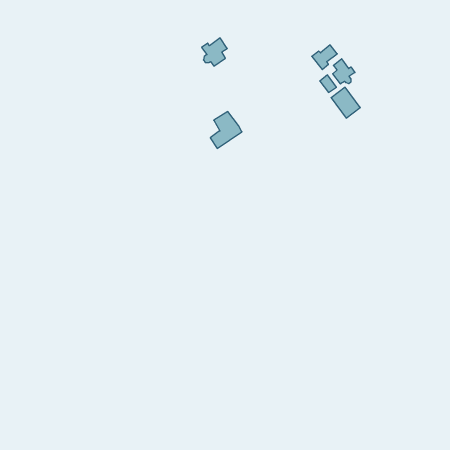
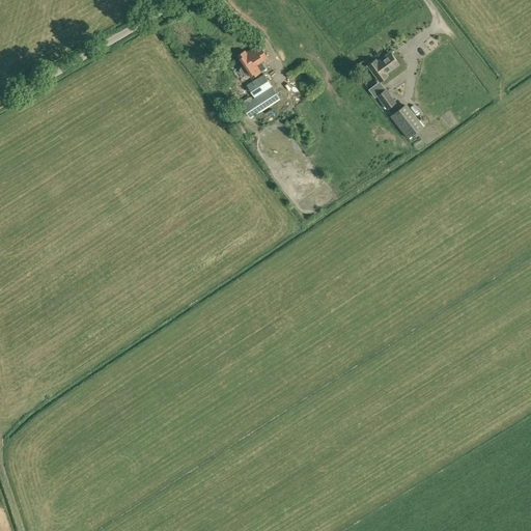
building: [333,59,355,84] -> none
building: [210,112,242,148] -> [243,75,280,118]

